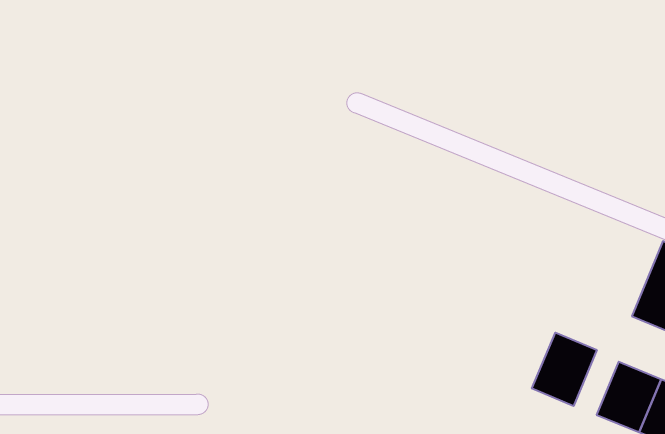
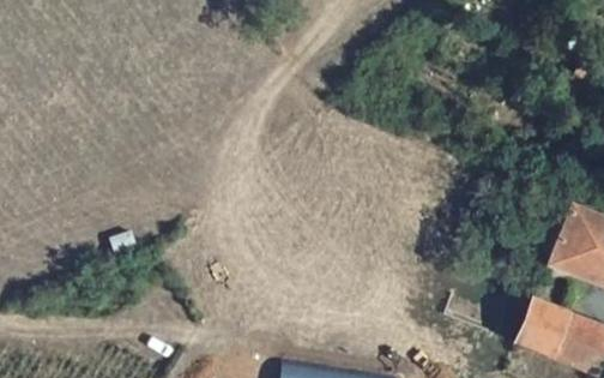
building: [532,333,597,406] -> none

